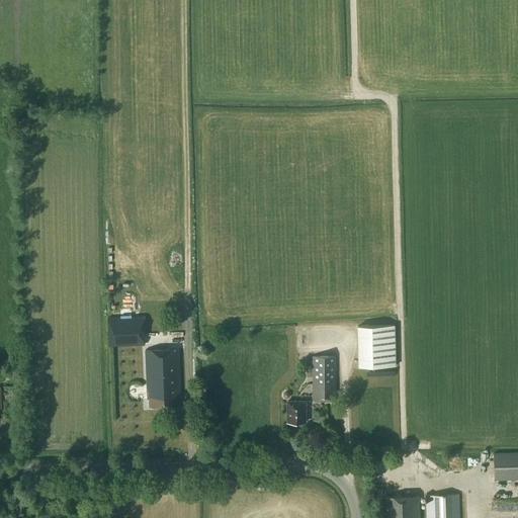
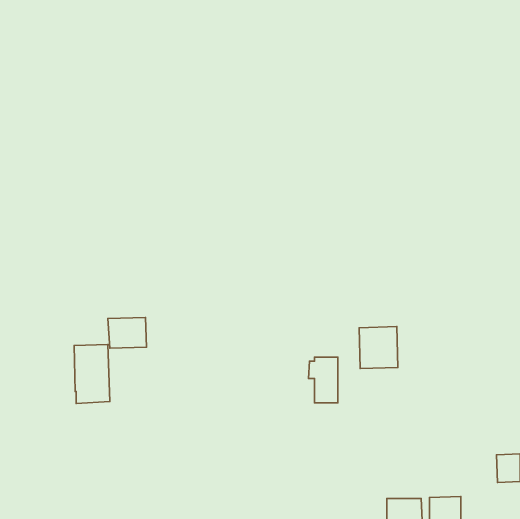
building: [147,350,182,409] -> [74,345,110,404]
building: [288,402,306,423] -> none

